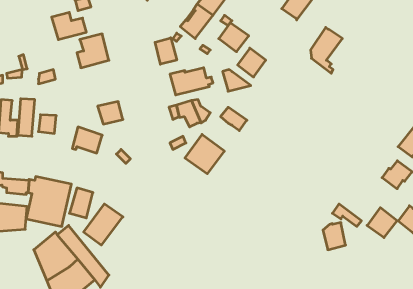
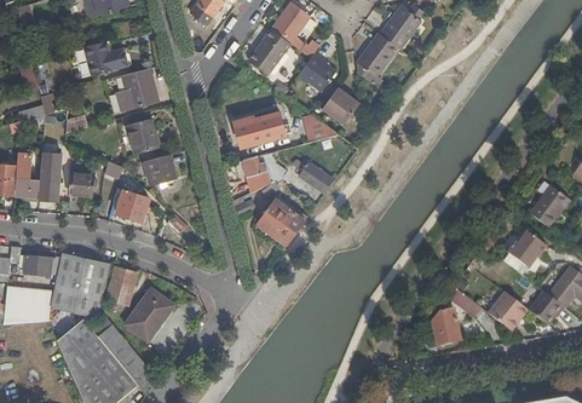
building: [311,27,342,73] -> [357,33,398,92]
building: [155,38,177,64] -> none
building: none -> [127,120,159,154]

